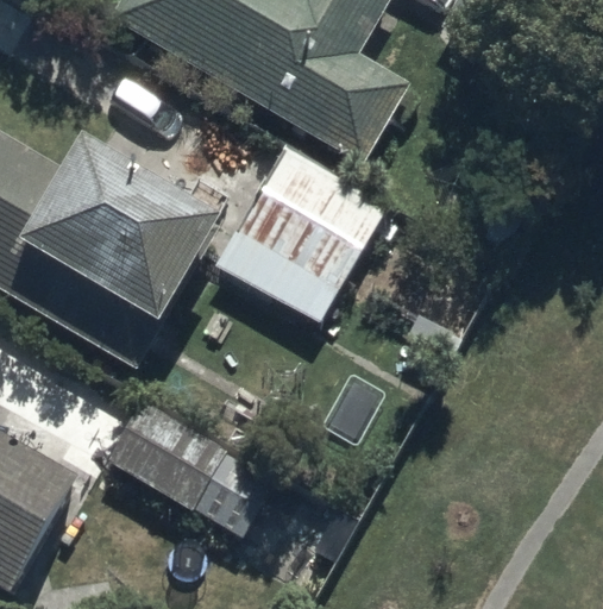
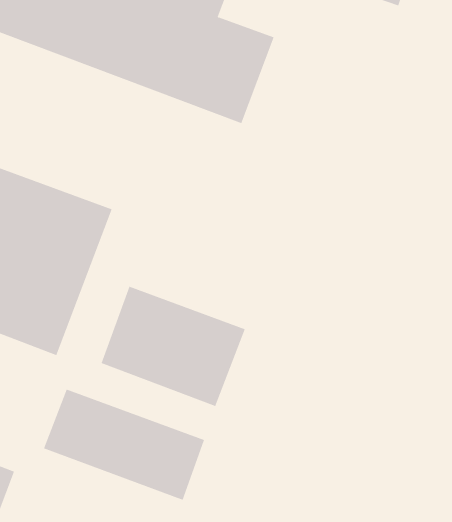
building: [216,144,387,320] -> none
building: none -> [101,286,245,407]

